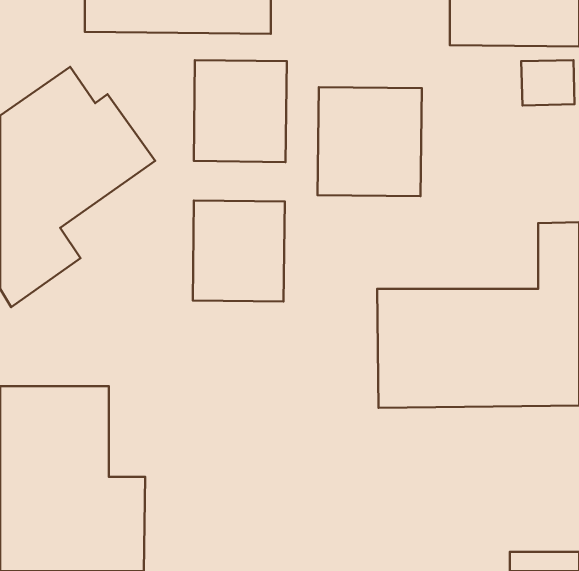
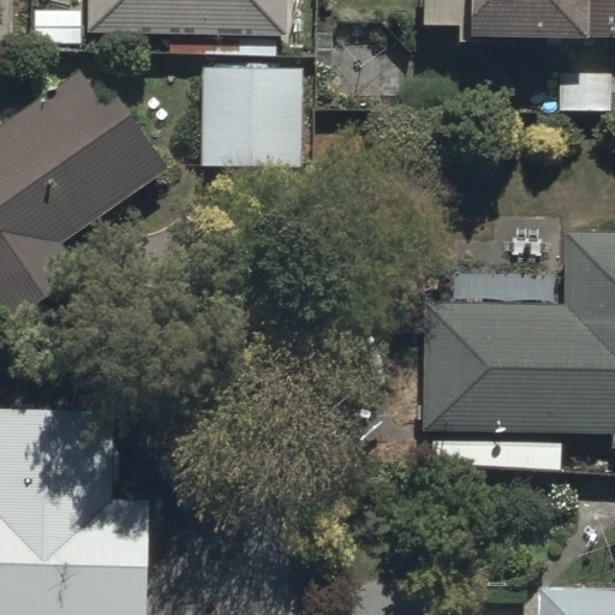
building: [318,87,422,196] -> none
building: [193,200,285,301] -> none

